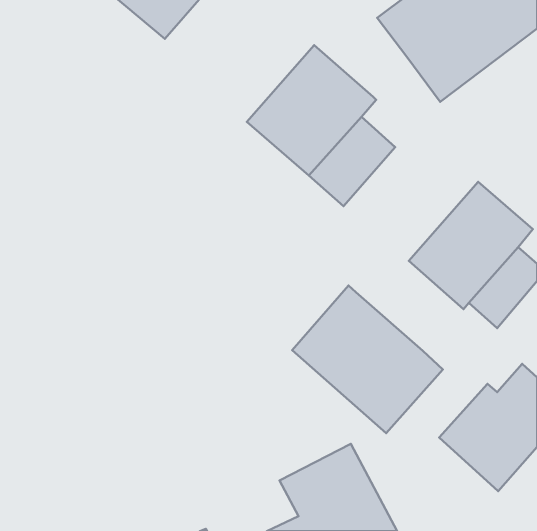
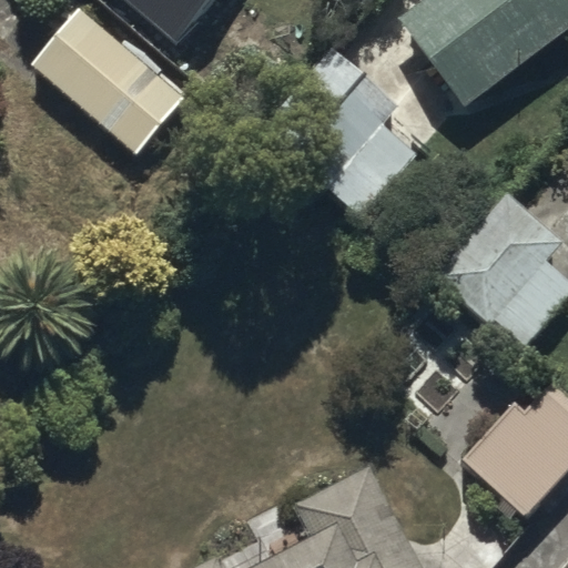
building: none -> [32,8,185,153]
building: [292,286,443,433] -> none

